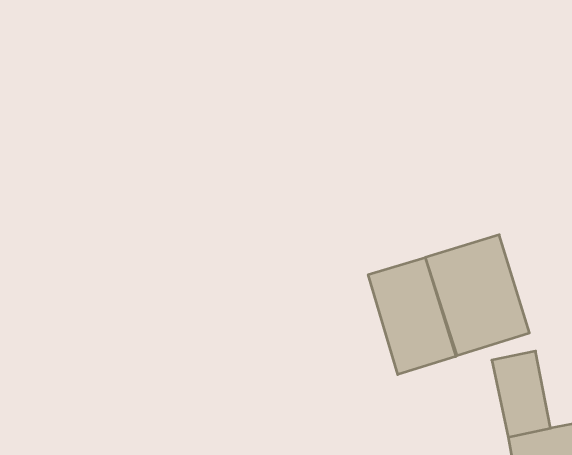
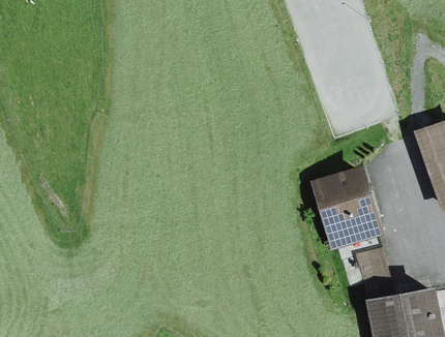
building: [368,257,456,375] -> none

